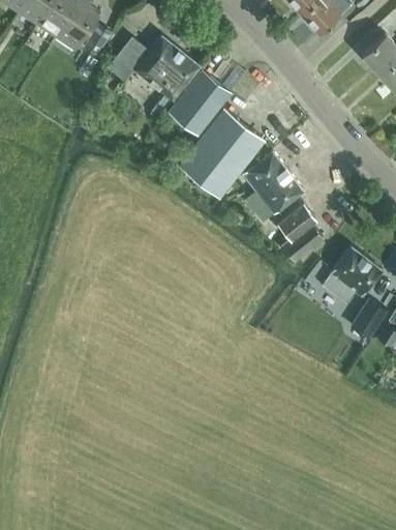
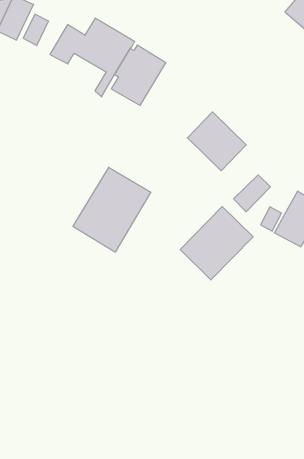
building: [178,109,265,199] -> [73,167,151,252]
building: [277,203,316,240] -> none
building: none -> [180,207,253,280]

